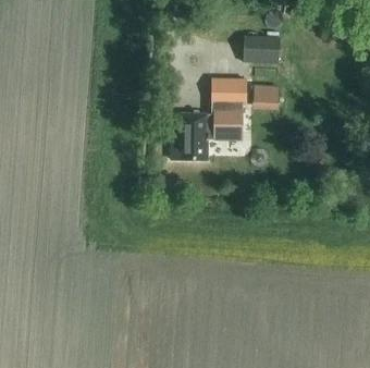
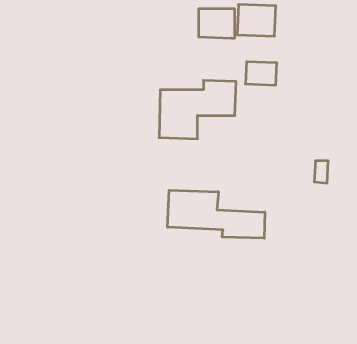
building: [212,78,246,106] -> [199,9,235,38]
building: none -> [168,190,265,238]

